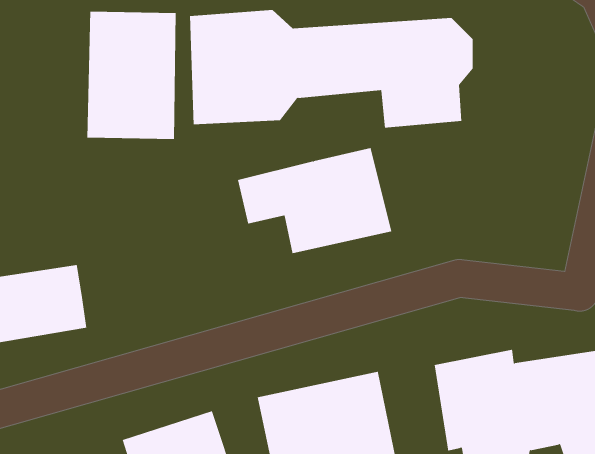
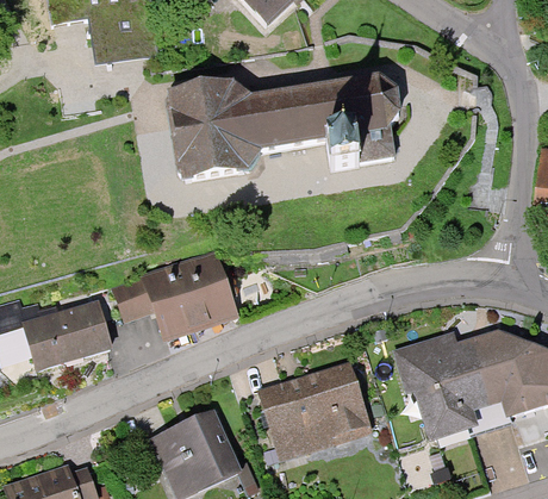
building: [87,11,176,140] -> none
building: [237,148,392,254] -> [112,254,241,345]

